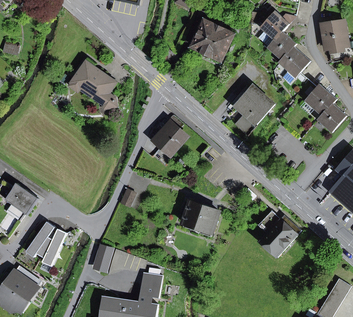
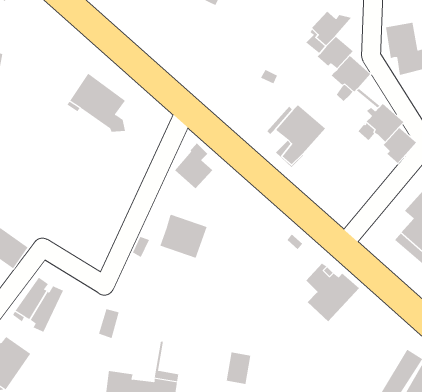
building: [192,20,233,59] -> none
building: [181,201,219,236] -> [159,214,207,258]
building: [142,272,162,298] -> [226,352,251,385]

